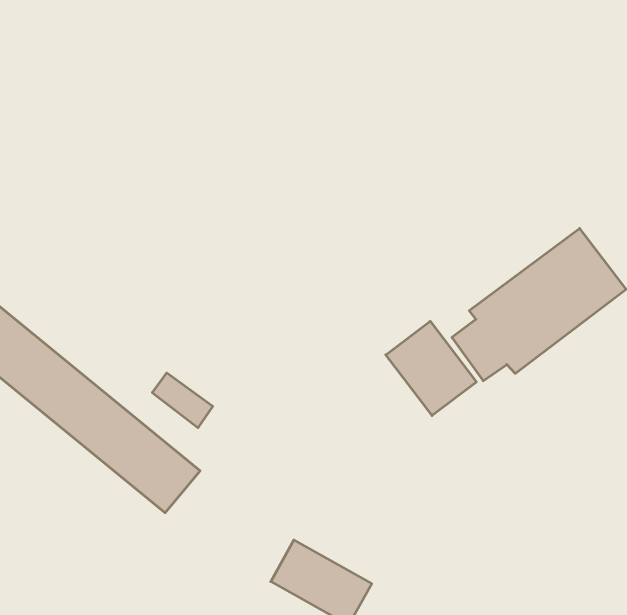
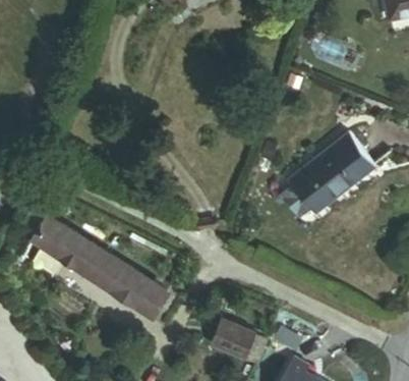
building: [386,321,476,416] -> none

